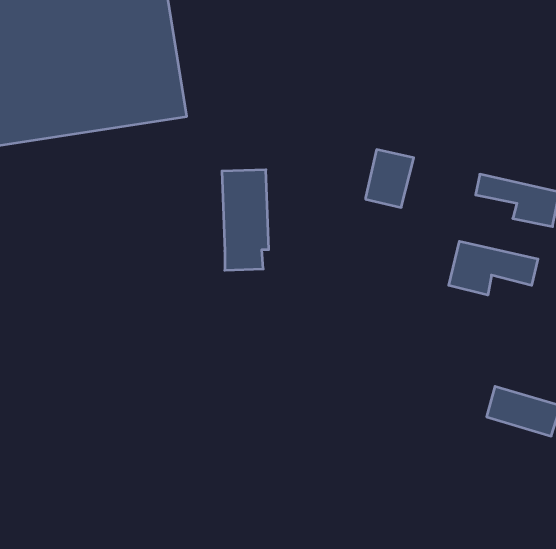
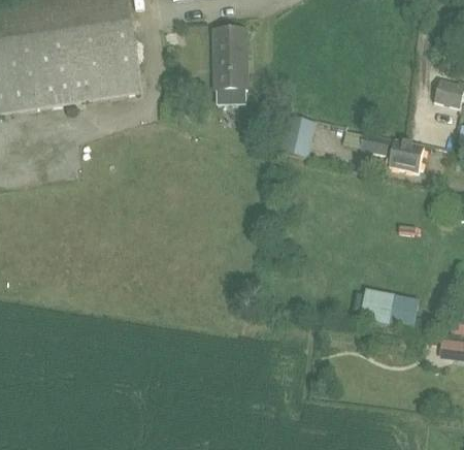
building: [222,170,269,270] -> [213,28,248,103]
building: [449,241,538,295] -> none

